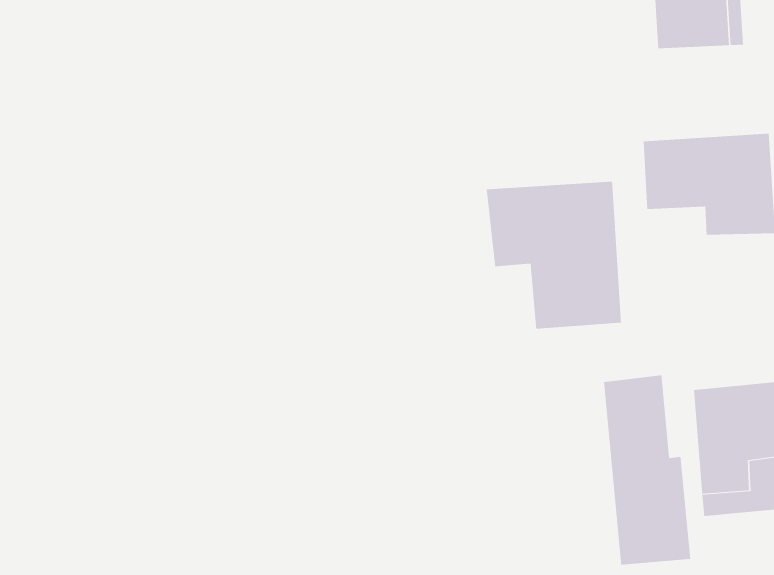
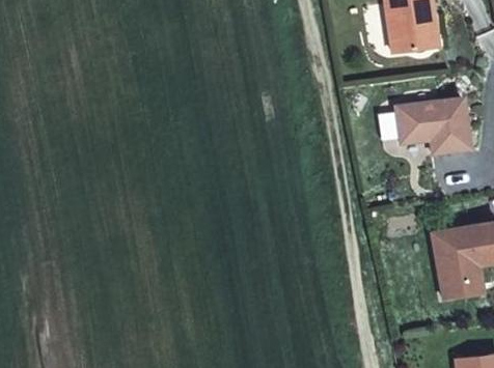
building: [486,181,622,329] -> none
building: [604,375,691,565] -> none

